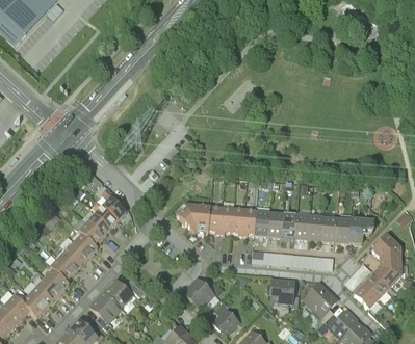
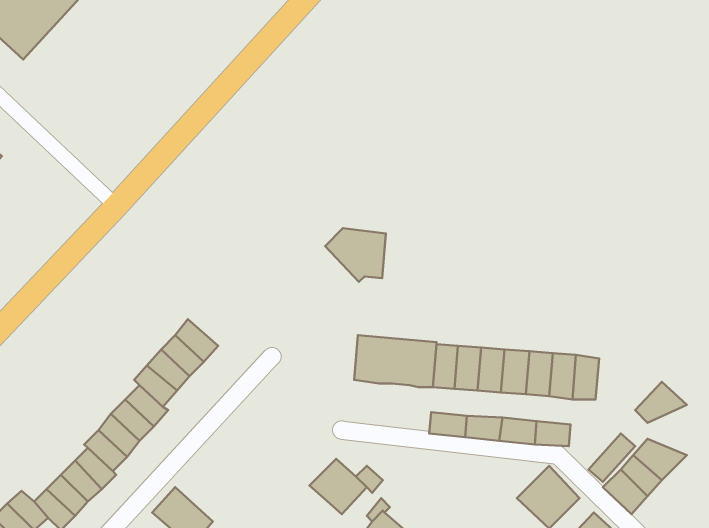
building: [174,202,209,233] -> [325,228,386,282]
building: [347,216,373,243] -> none
building: [378,245,400,274] -> none
building: [268,277,294,303] -> none
building: [103,279,133,308] -> none

